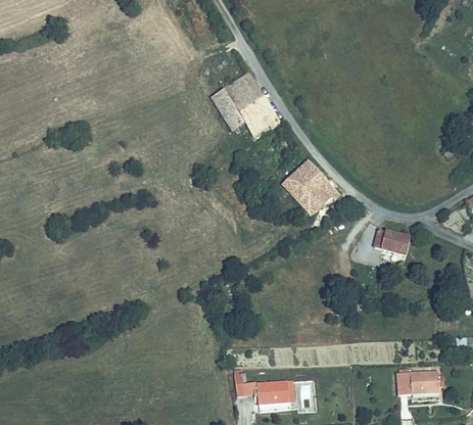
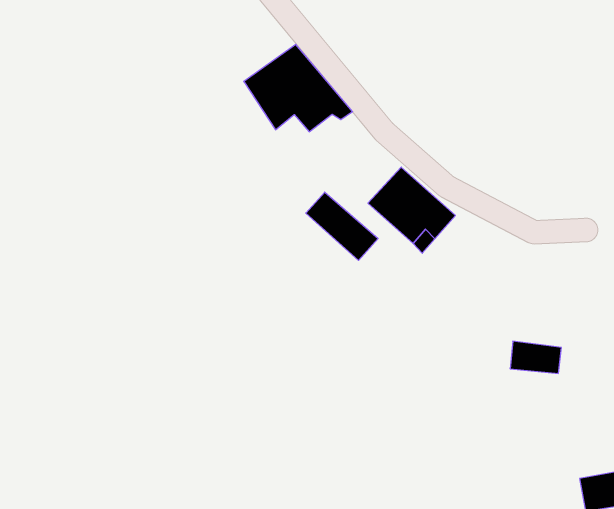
building: none -> [306,192,378,260]
building: [372,228,407,252] -> [510,341,561,373]

